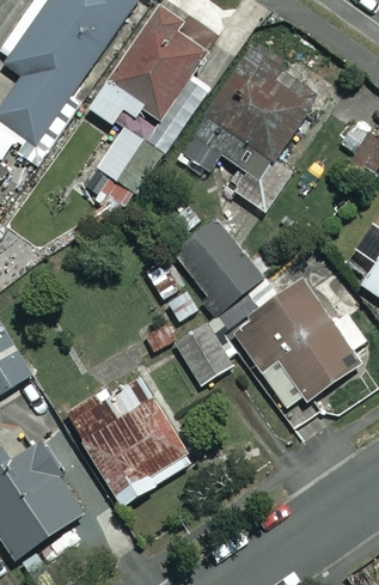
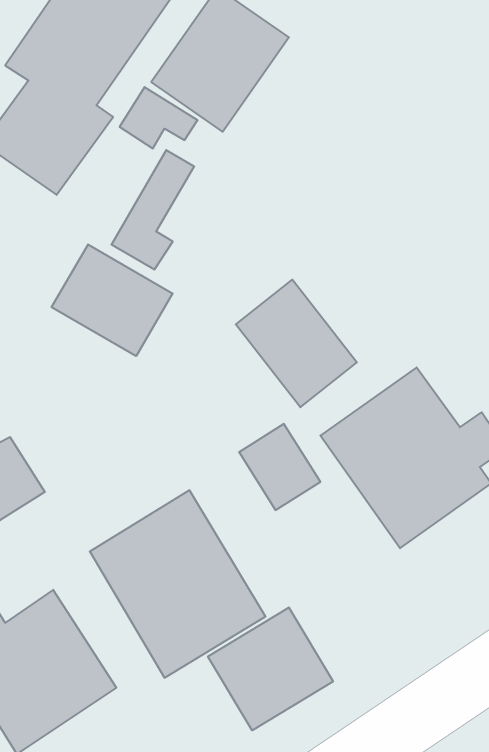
building: [177,38,317,209] -> none
building: none -> [52,244,173,356]
building: none -> [208,607,333,730]

